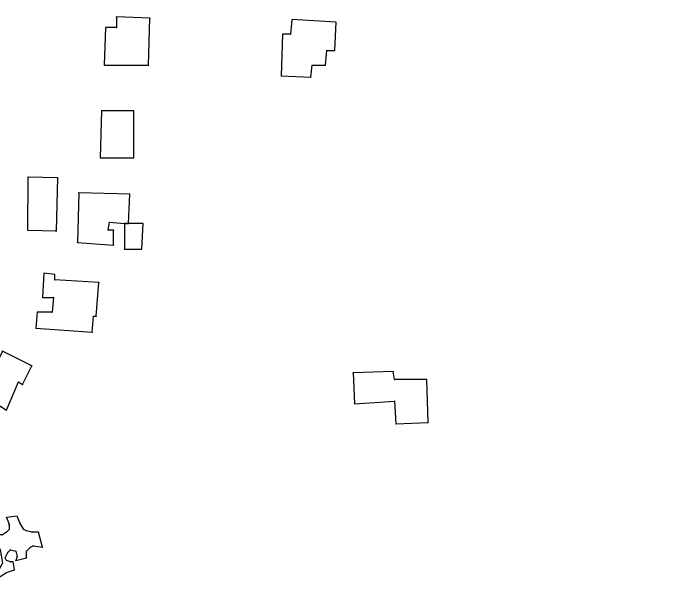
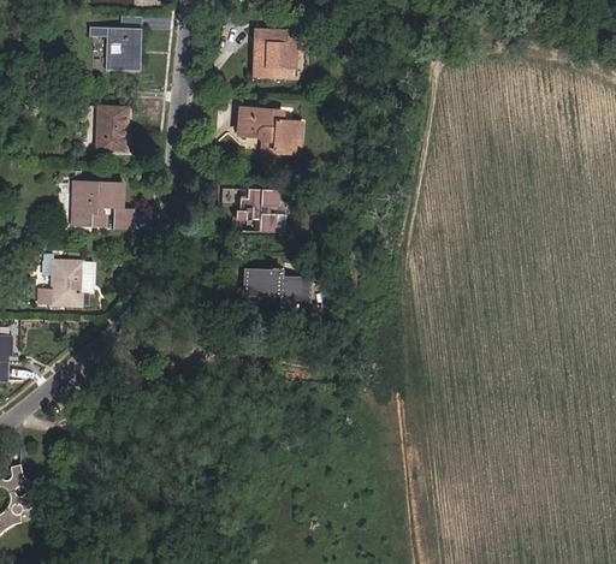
building: none -> [237,114,298,160]
building: [28,177,58,231] -> none
building: none -> [223,183,282,228]
building: [353,372,428,424] -> [247,271,314,317]

